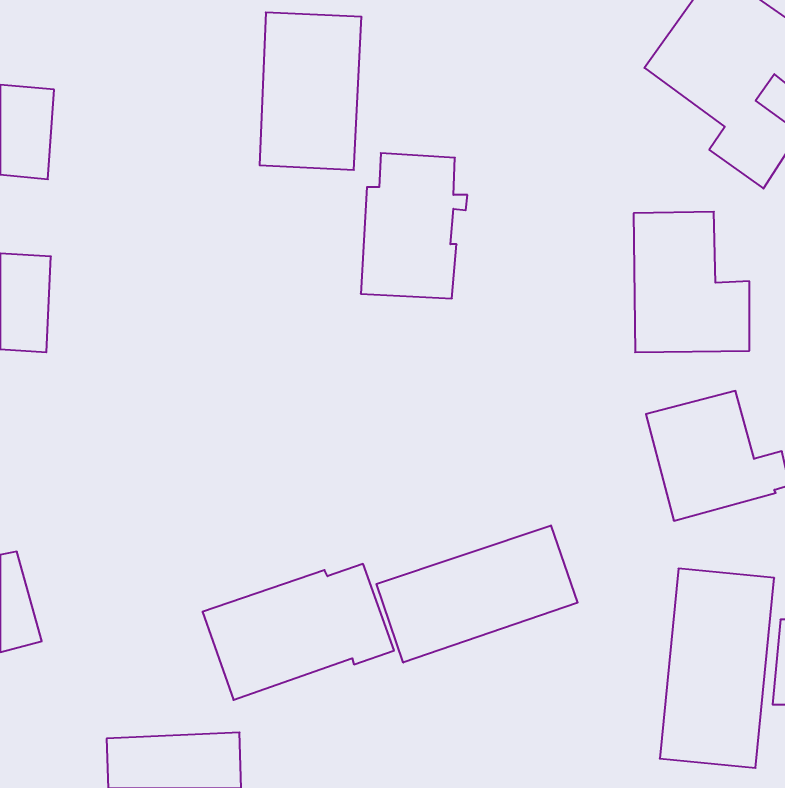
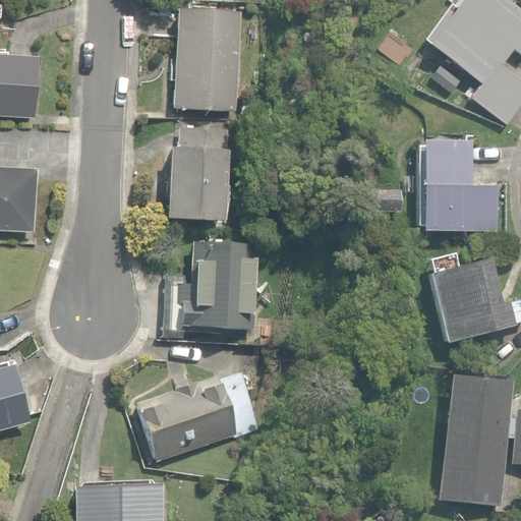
building: [361,153,467,298] -> [166,126,236,222]
building: none -> [165,242,257,338]
building: [376,525,578,663] -> none

